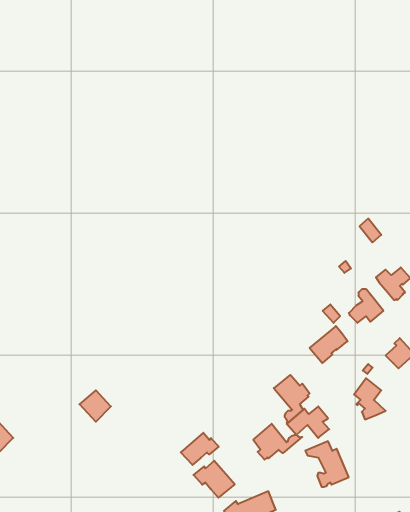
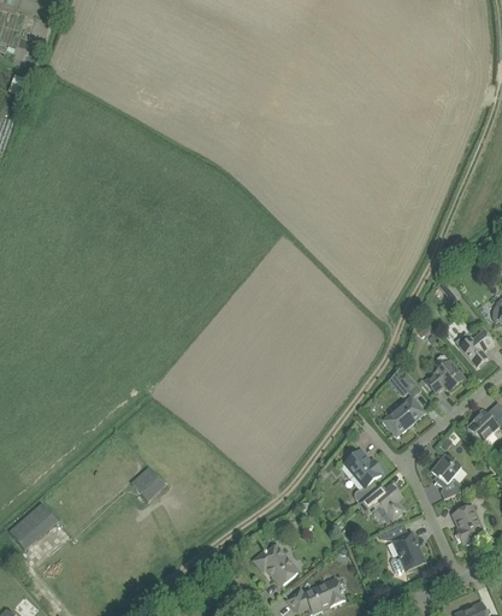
building: [253,424,302,460] -> none
building: none -> [453,504,486,544]
building: [181,433,219,465] -> none

